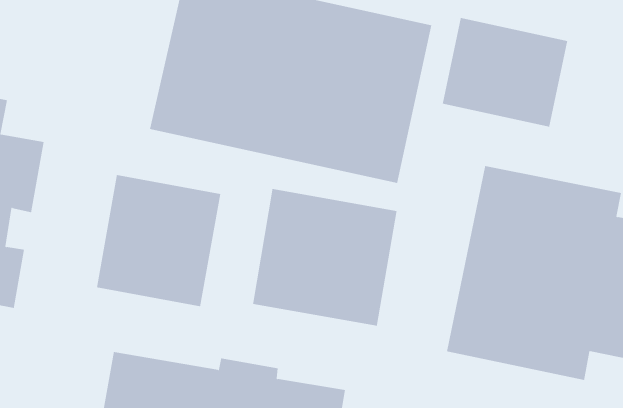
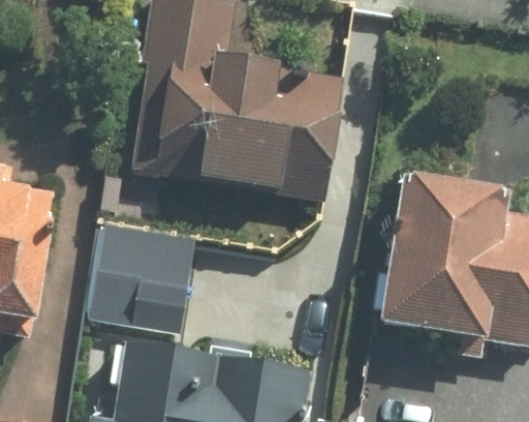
building: [442,17,568,128] -> none
building: [252,188,397,327] -> none

